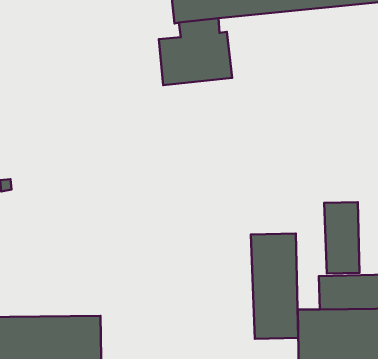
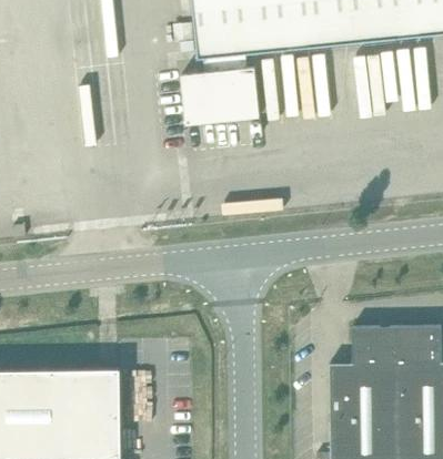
building: [324,202,360,273] -> none
building: [251,234,298,339] -> none

